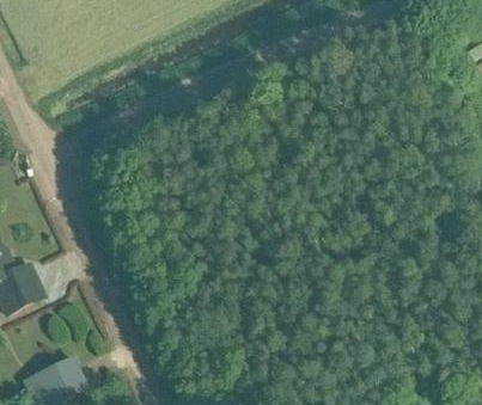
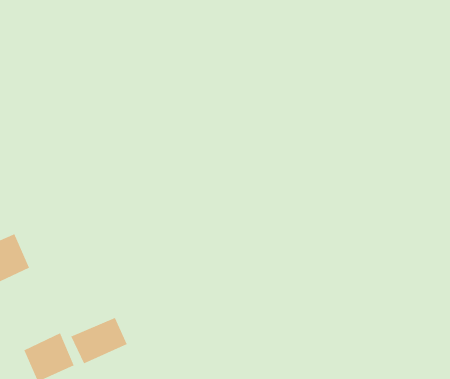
building: none -> [70,317,127,364]

